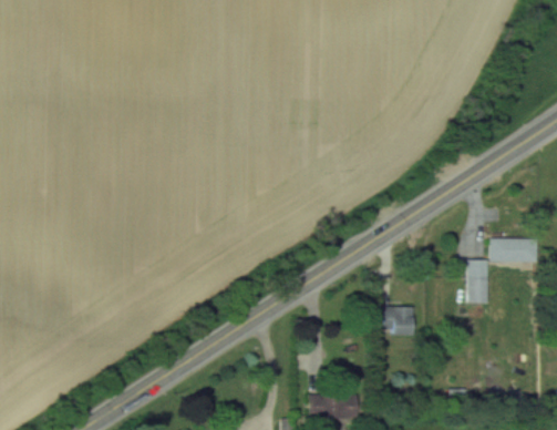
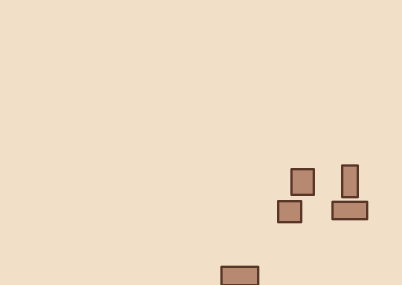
building: [492,238,538,262] -> [332,202,367,219]
building: none -> [292,169,314,195]

